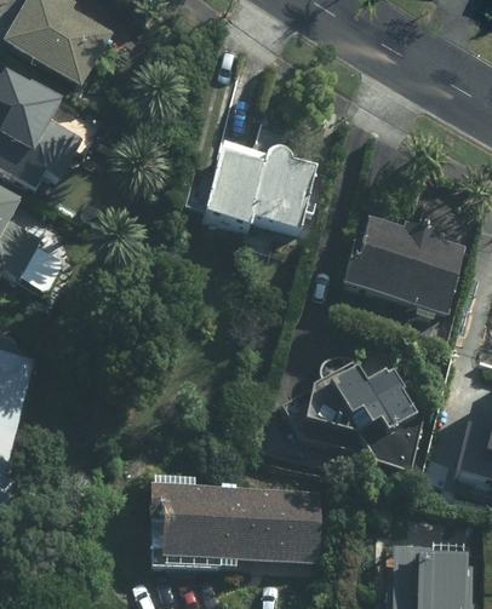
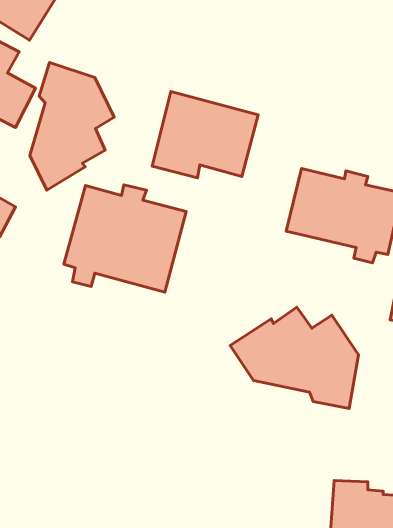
building: none -> [30,62,114,190]
building: none -> [64,185,186,292]
building: [147,473,322,568] -> none

